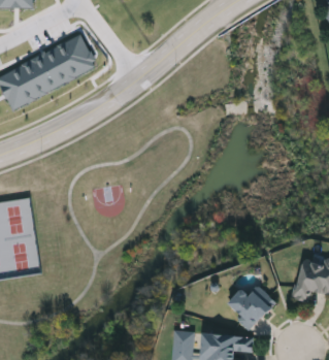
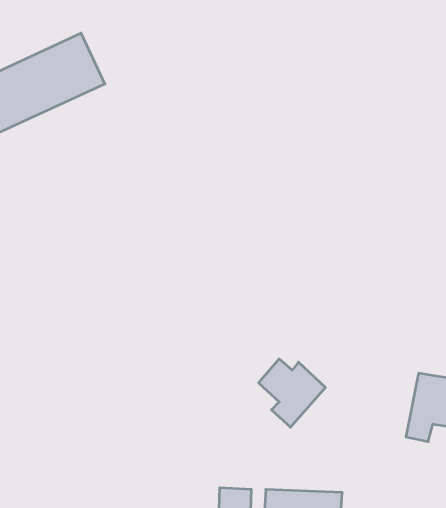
building: [228,286,271,330] -> [259,359,325,427]

